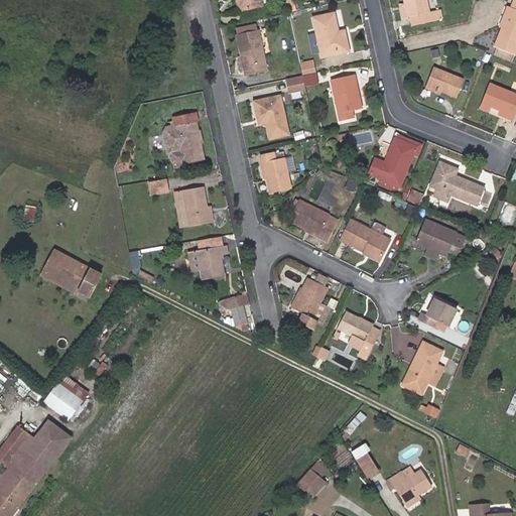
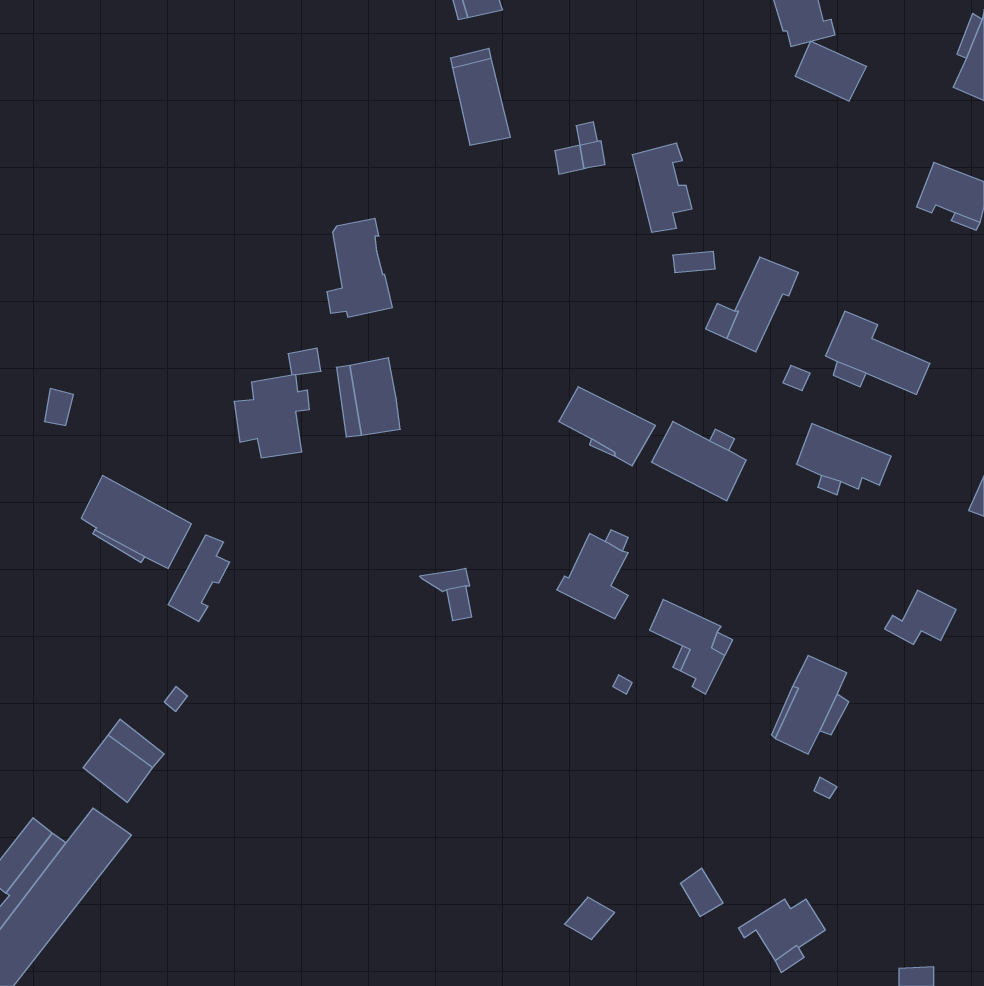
building: [313,12,343,56] -> none
building: [426,66,464,97] -> [795,41,867,101]
building: [253,96,287,137] -> none
building: [261,150,292,192] -> none
building: [187,237,227,280] -> [234,375,309,458]
building: none -> [168,535,230,622]
building: [417,299,455,328] -> [885,590,956,644]

